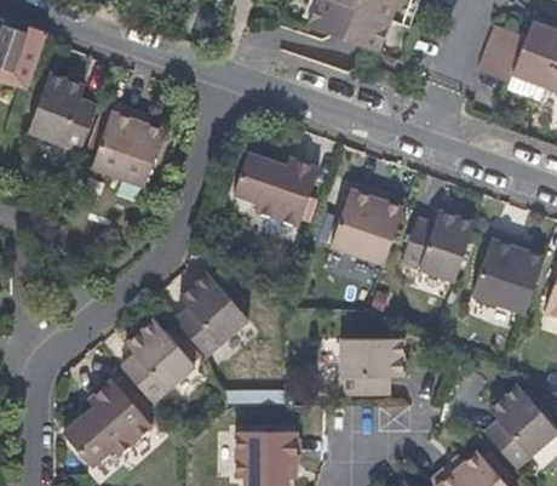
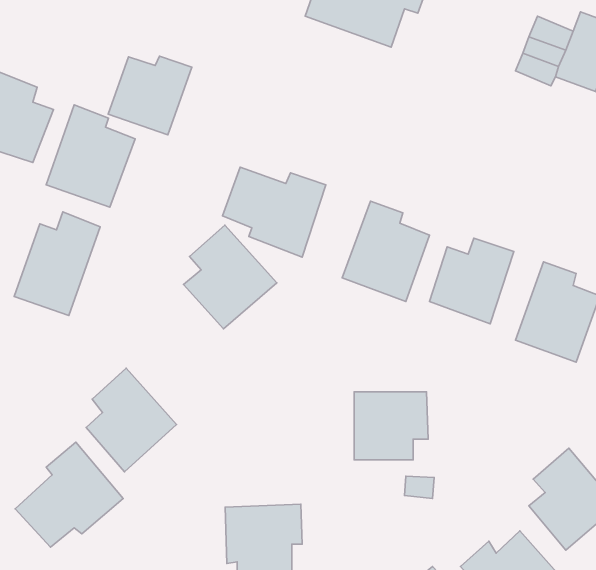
building: none -> [108,56,192,135]
building: none -> [14,212,100,316]
building: [174,271,251,356] -> [184,225,277,329]

